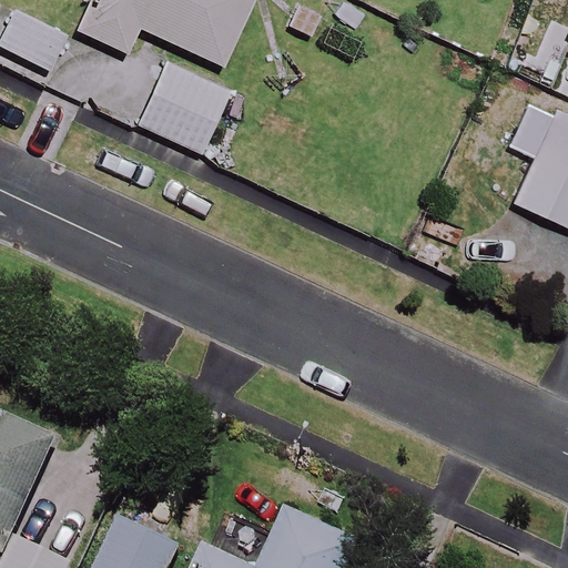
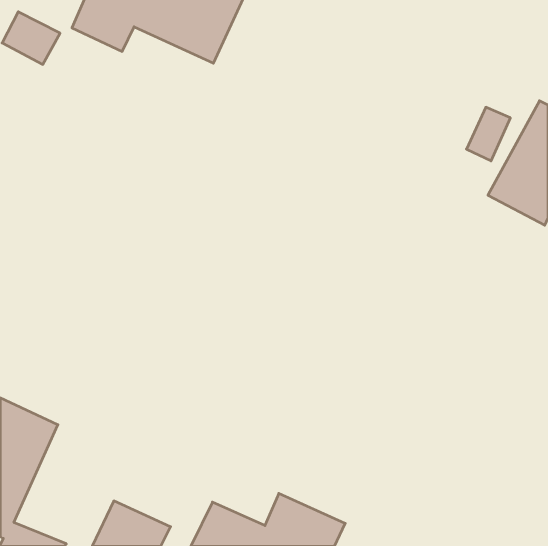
building: [130,60,245,160] -> none

